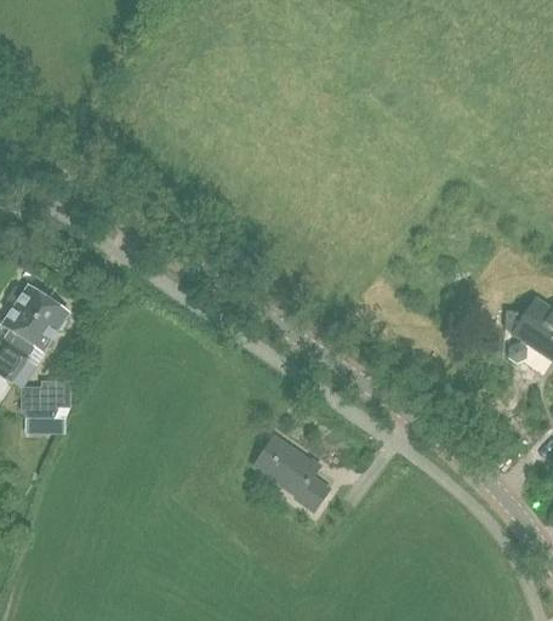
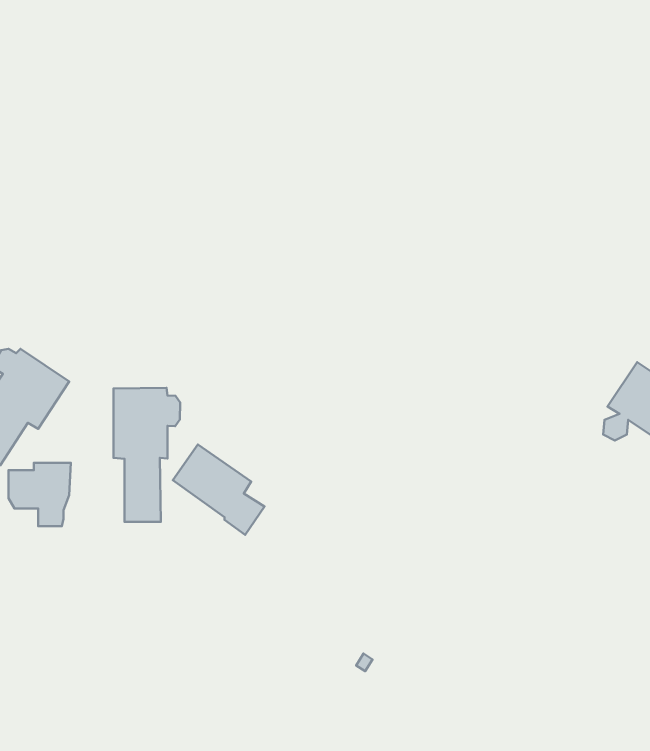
building: none -> [114,388,180,522]
building: [255,437,330,511] -> [173,445,265,535]

